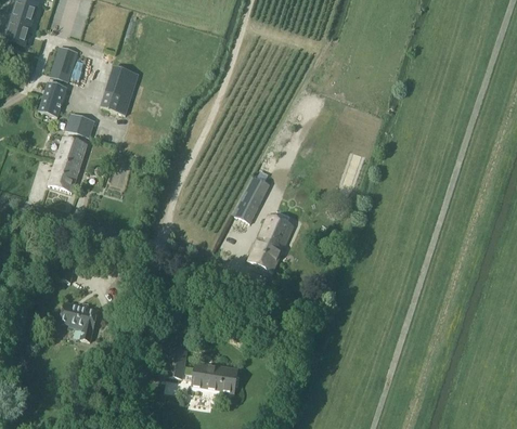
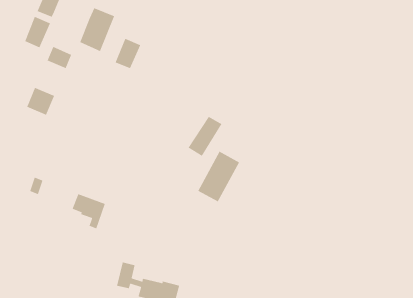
building: none -> [115,38,141,69]
building: [55,135,88,168] -> none
building: [60,302,98,341] -> [72,193,106,230]

